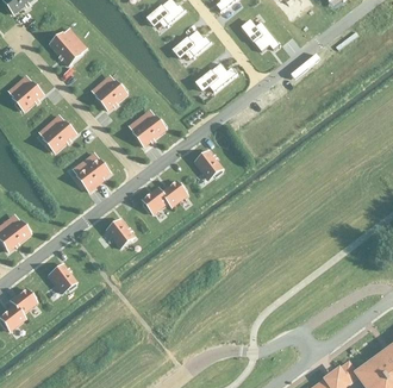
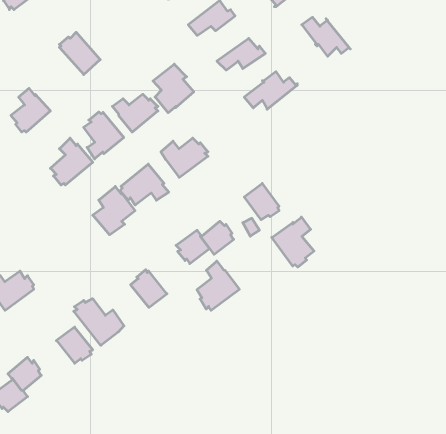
building: none -> [153,64,194,113]
building: none -> [84,112,124,159]
building: none -> [120,164,169,205]
building: none -> [272,217,314,267]
building: none -> [197,261,239,310]
building: none -> [74,299,124,345]

